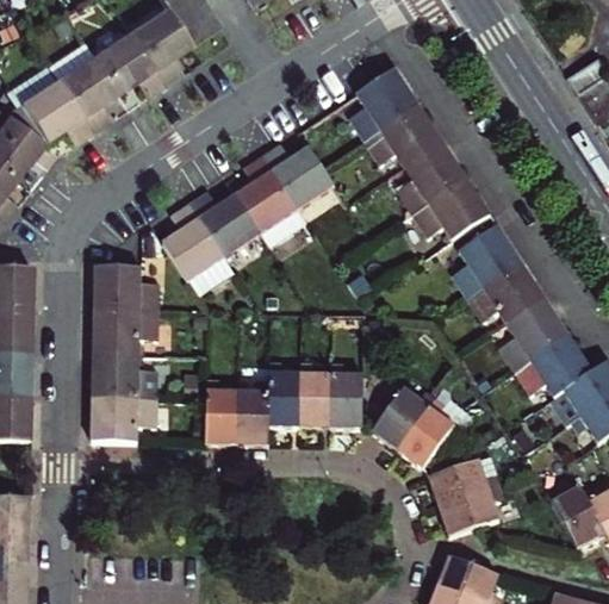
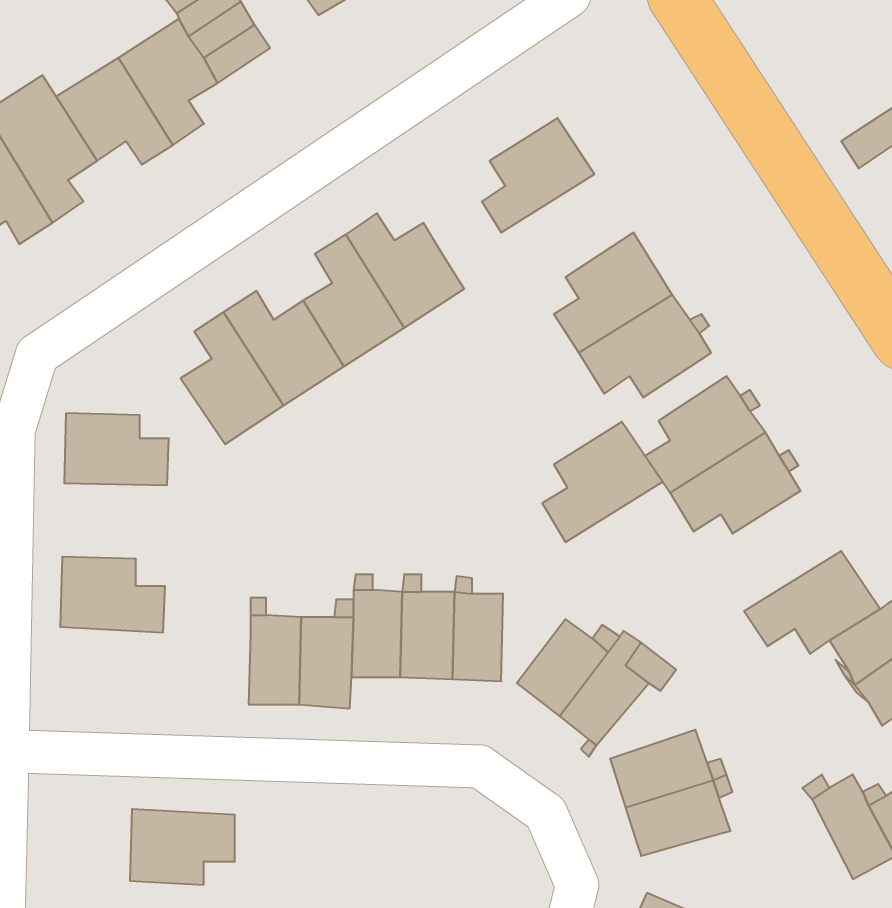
building: [362,112,443,175] -> none
building: [93,301,157,348] -> none
building: [497,306,571,380] -> [542,422,663,542]
building: [91,390,155,436] -> [130,809,235,885]

